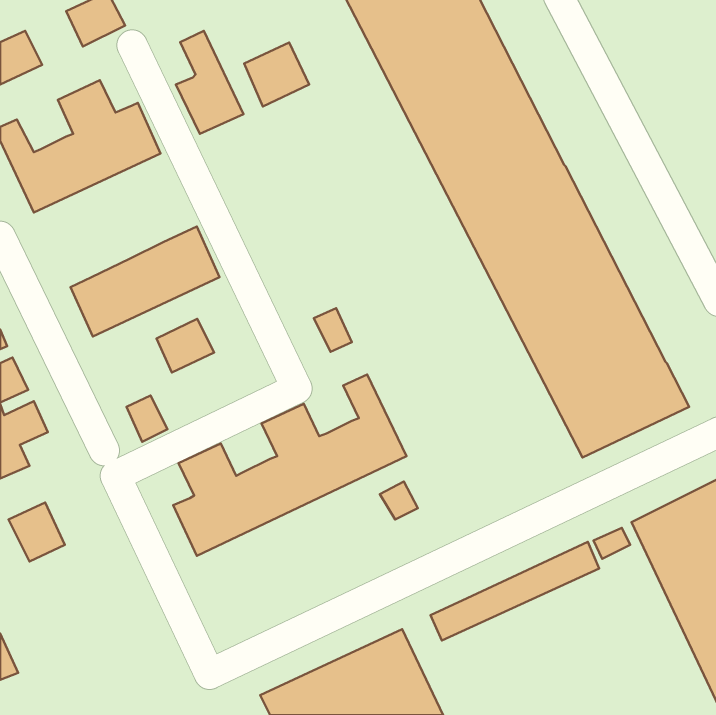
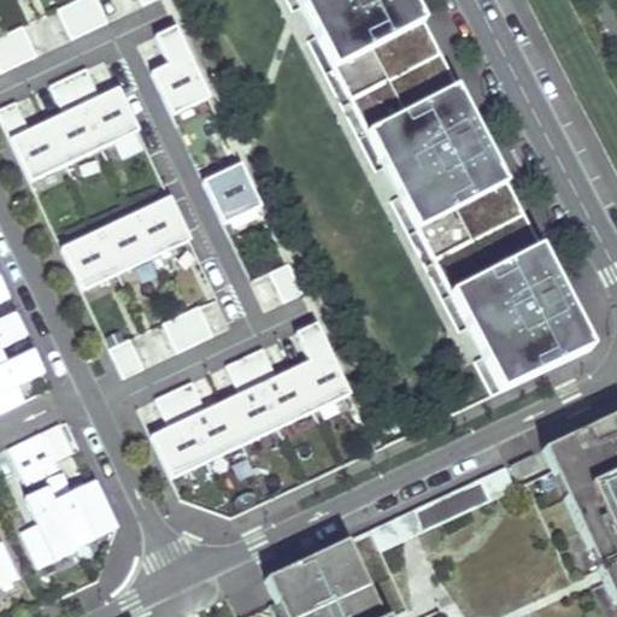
building: [244,43,309,107] -> none
building: none -> [204,160,262,222]
building: [156,319,214,372] -> [165,306,215,352]
building: none -> [20,475,117,568]

